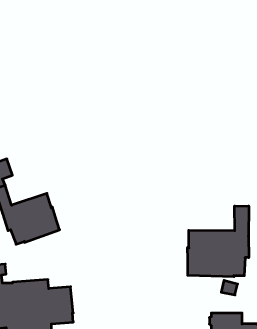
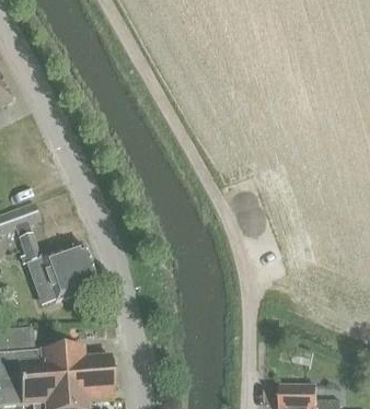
building: [188,206,249,277] -> none

